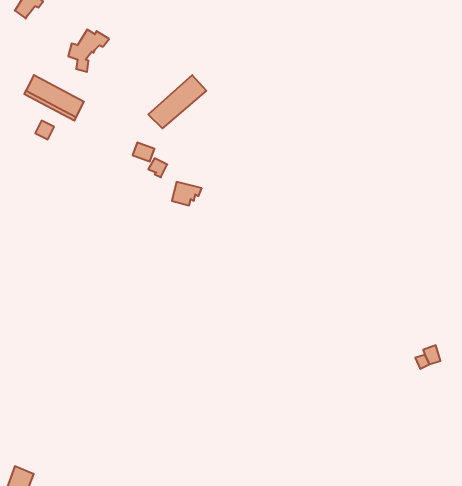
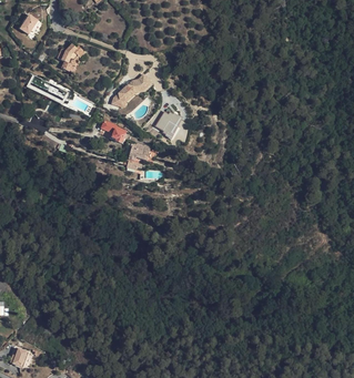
building: none -> [155,108,184,137]

